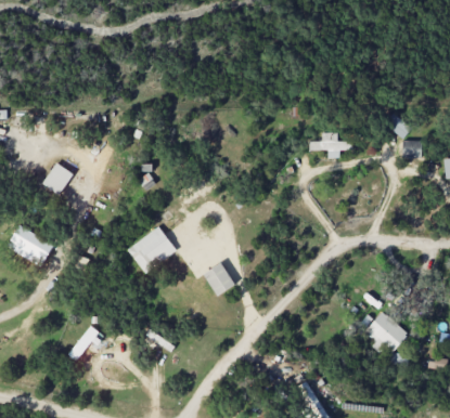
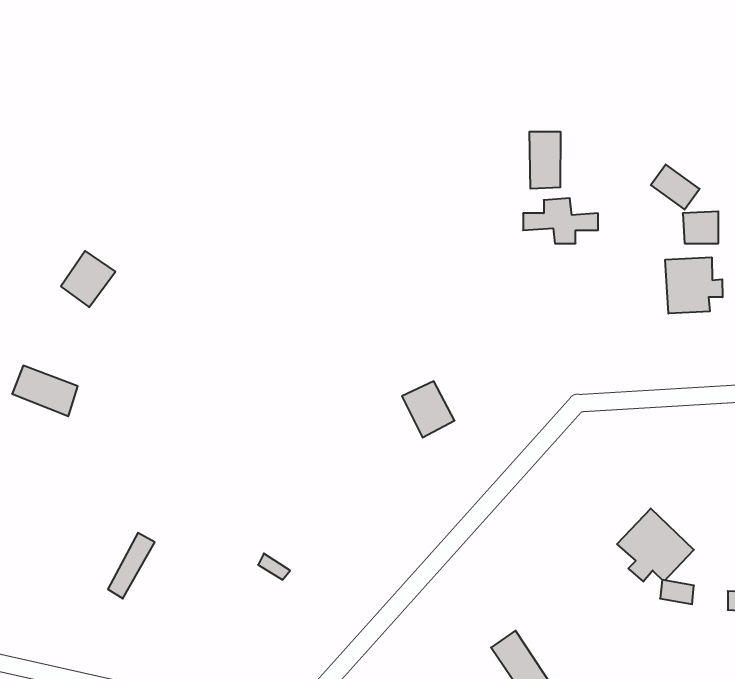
building: none -> [529,132,560,189]
building: none -> [665,257,723,314]
building: [127,227,176,272] -> none
building: [204,263,234,296] -> [402,381,455,438]

